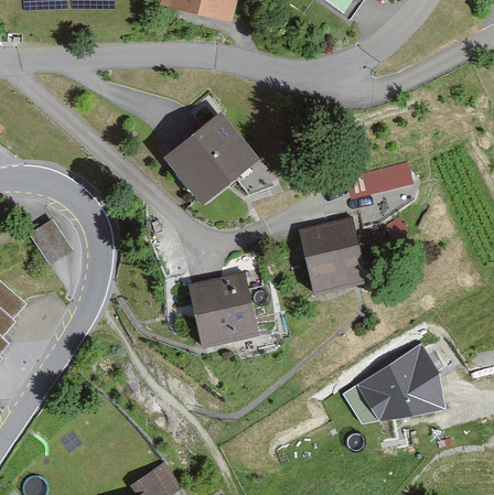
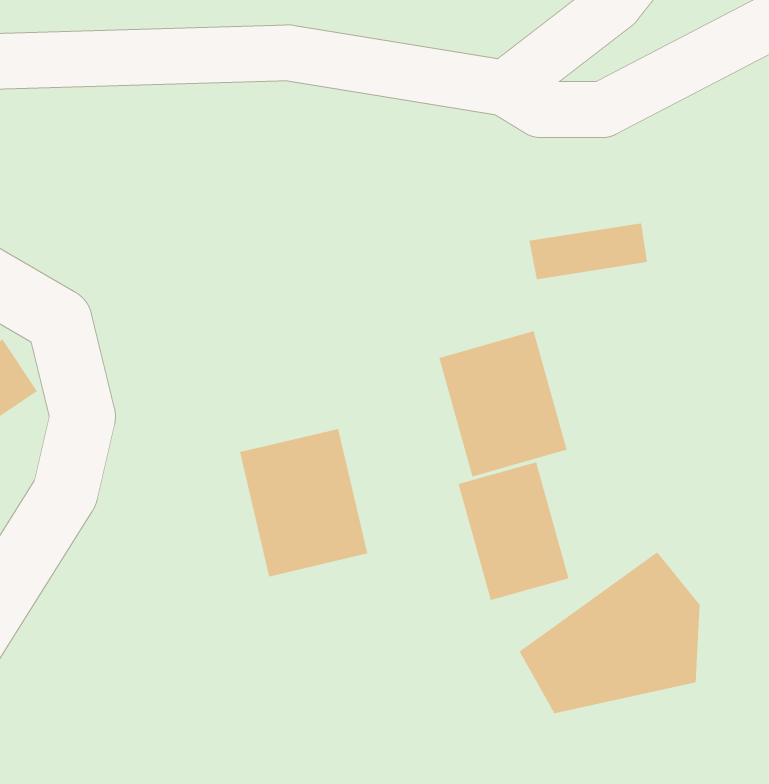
building: [159,109,256,204] -> none
building: none -> [458,462,569,601]

